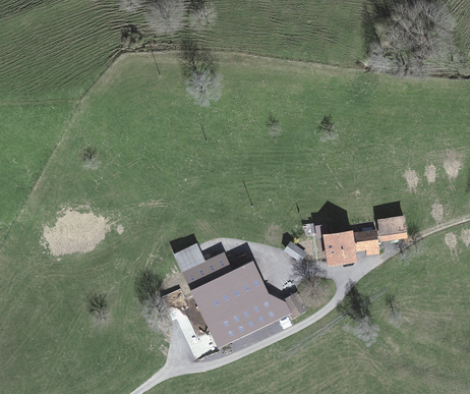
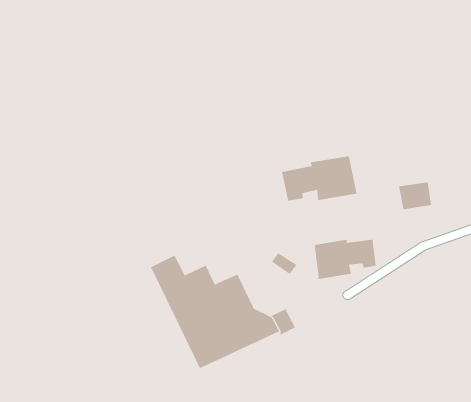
building: none -> [281,155,357,202]
building: [376,215,407,240] -> [398,182,432,210]

